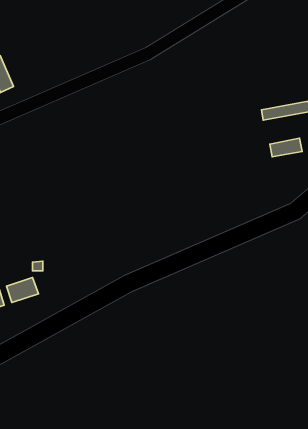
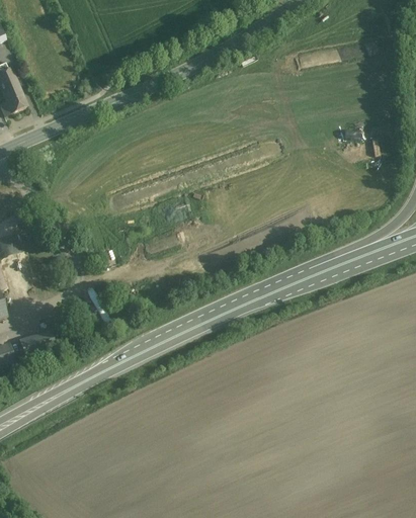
building: [270,138,302,157] -> none

